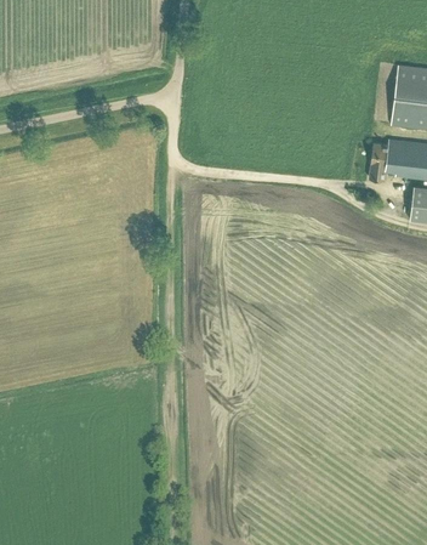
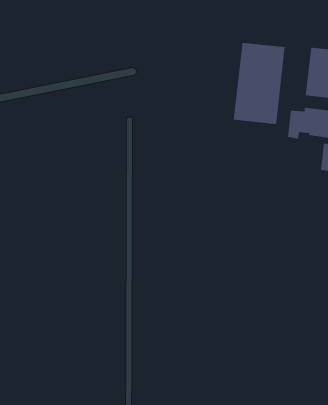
building: none -> [233,42,285,125]

